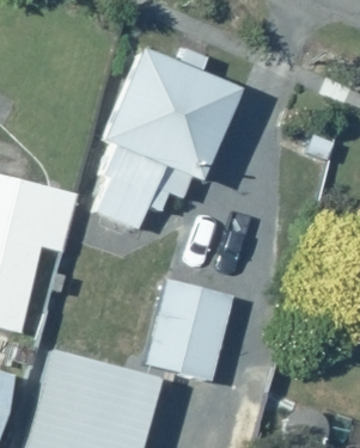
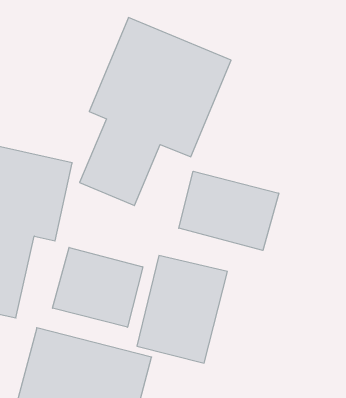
building: none -> [179,171,279,250]
building: none -> [53,247,143,327]

